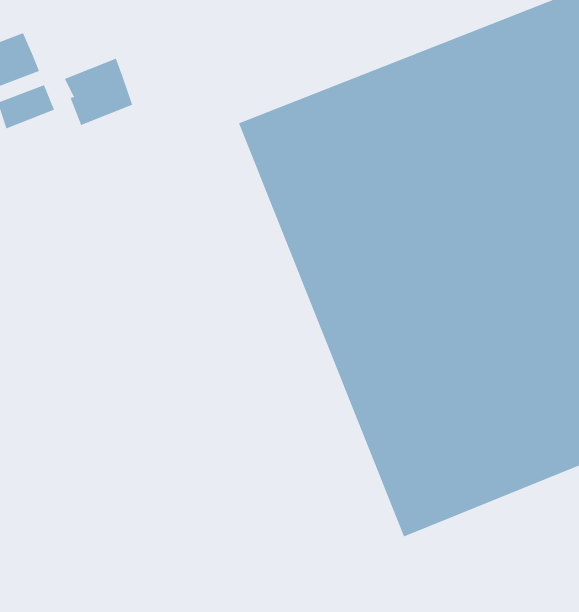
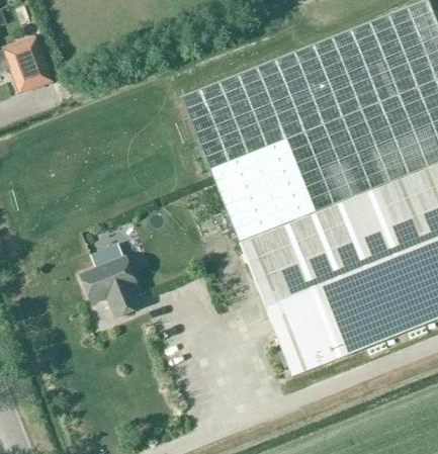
building: [64,58,133,126] -> none
building: none -> [80,243,141,316]

